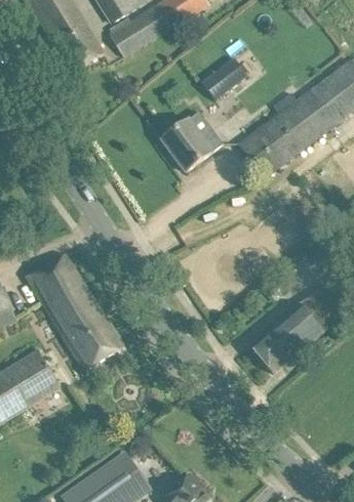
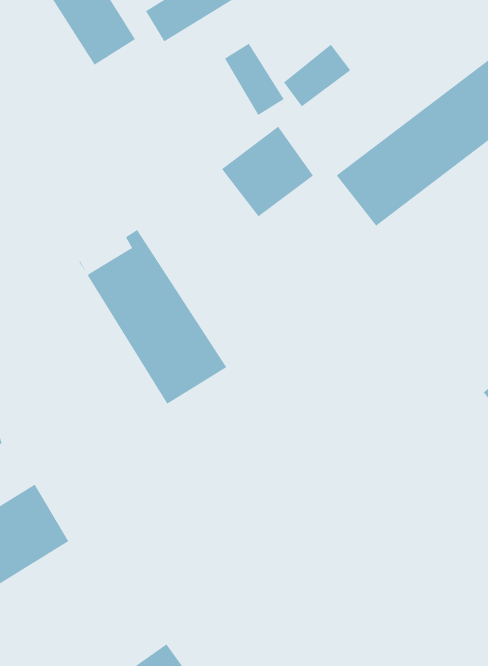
building: none -> [224,43,285,116]
building: [27,254,125,370] -> [79,229,227,404]
building: [249,302,323,373] -> none

